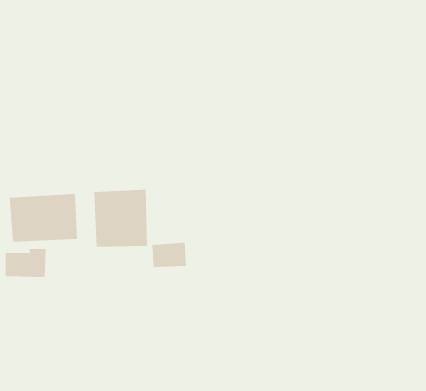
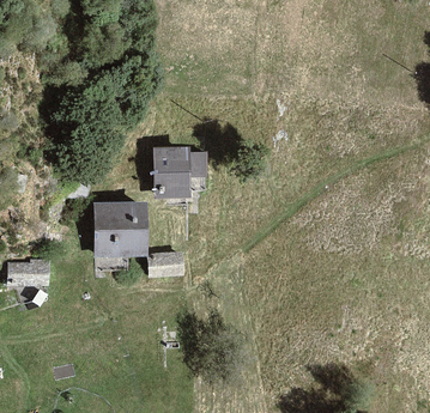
building: none -> [153,146,207,198]
building: [9,193,78,243] -> none

